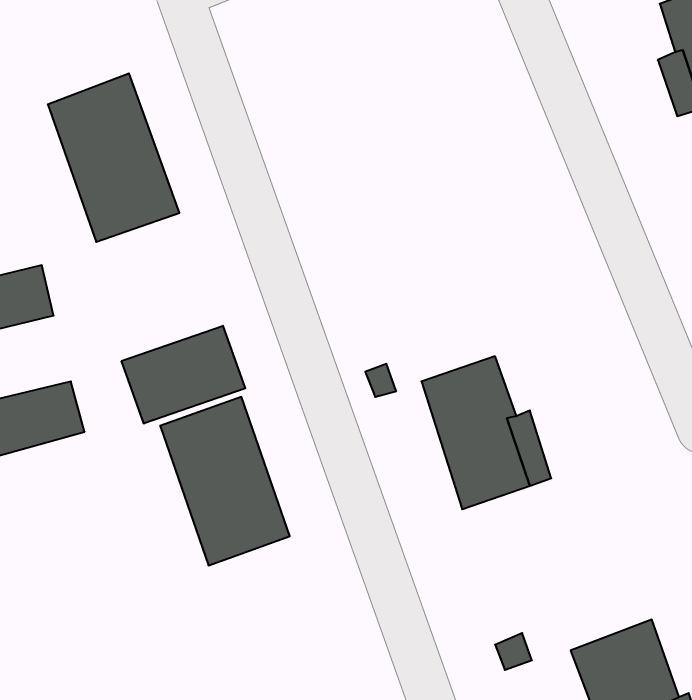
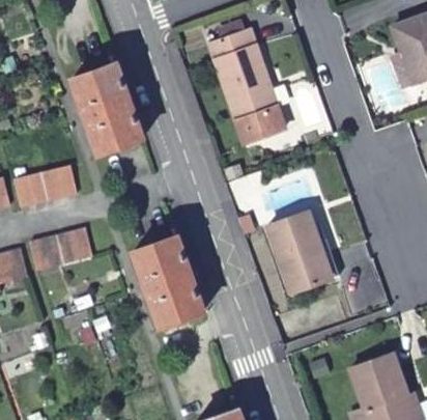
building: none -> [212,30,289,148]
building: [122,326,245,424] -> none

